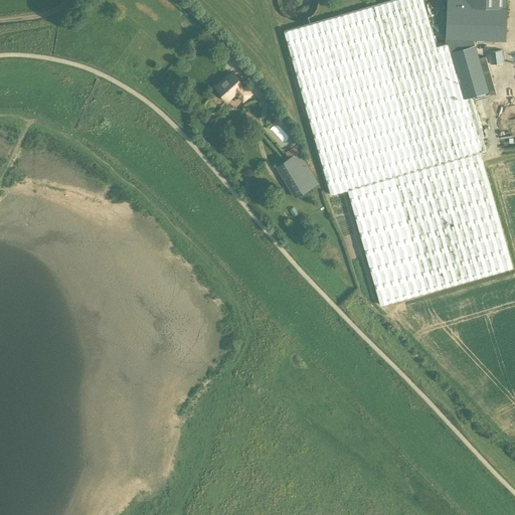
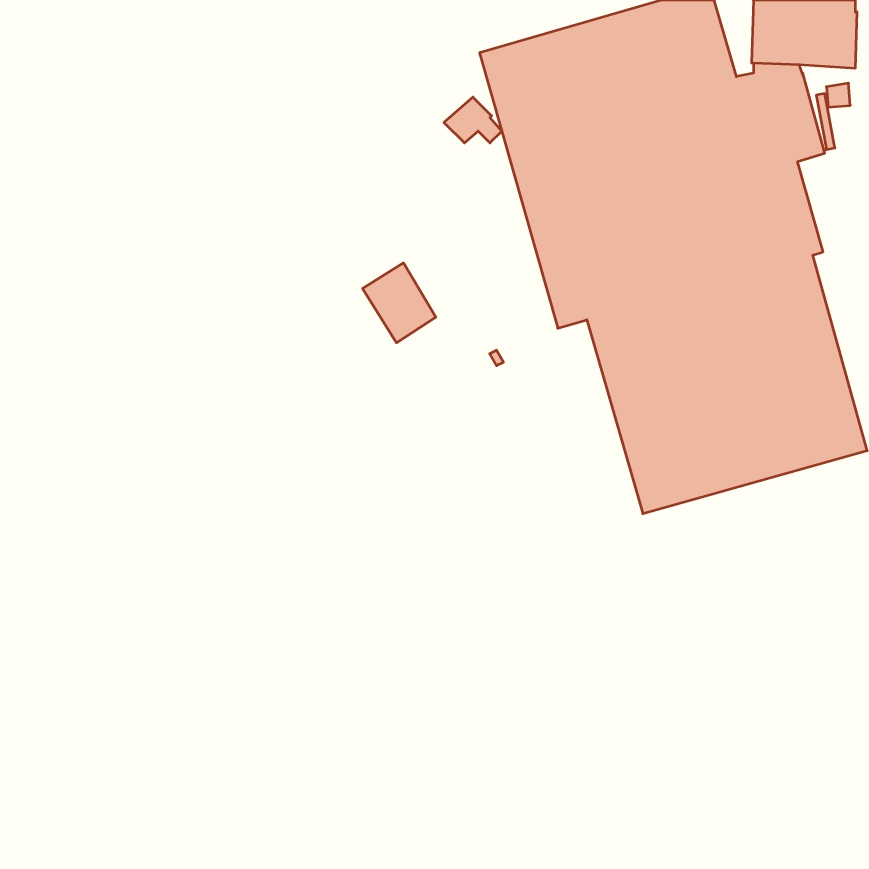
building: [215,72,249,100] -> [444,97,502,143]
building: [275,150,318,197] -> [363,263,436,343]

